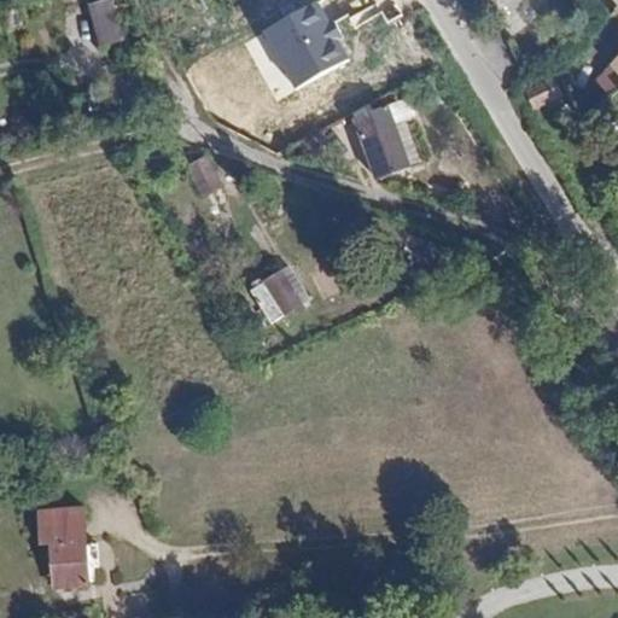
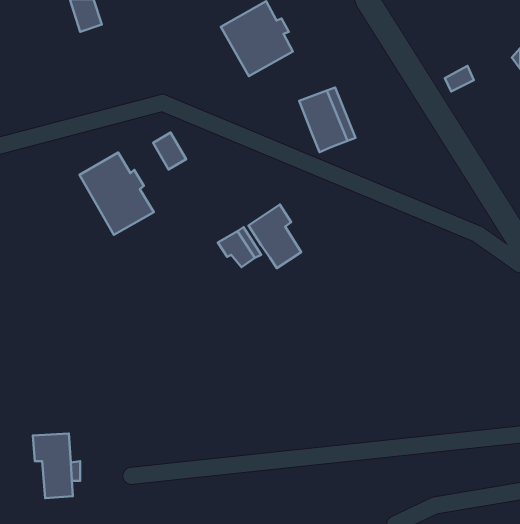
building: none -> [79,152,154,235]
building: none -> [248,204,301,268]

